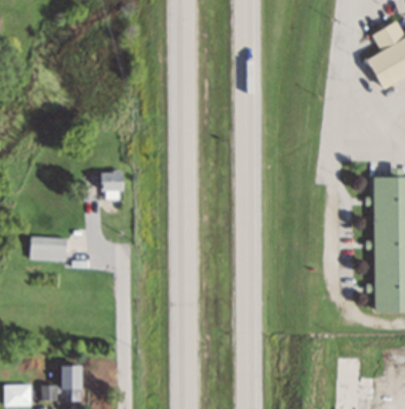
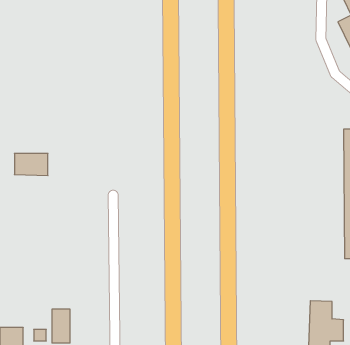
building: [100,172,121,198] -> none
building: [31,237,66,261] -> [14,153,48,176]

